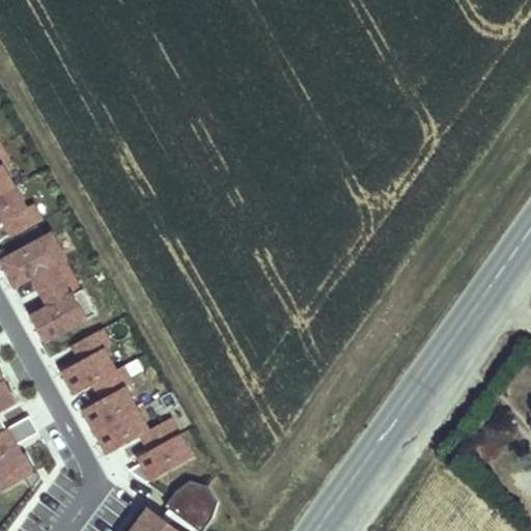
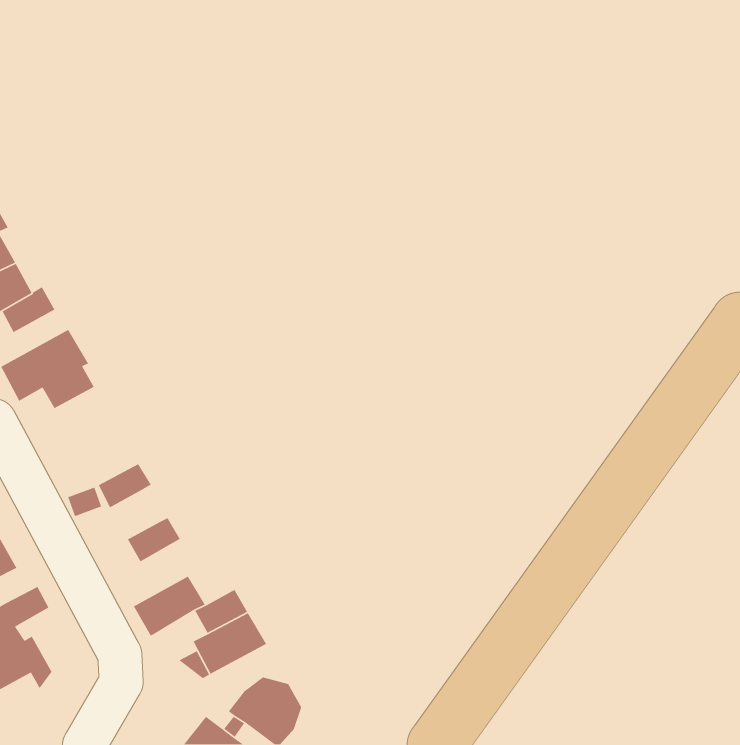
building: [30,275,93,340] -> none
building: [61,348,113,392] -> none
building: [82,387,134,430] -> none

